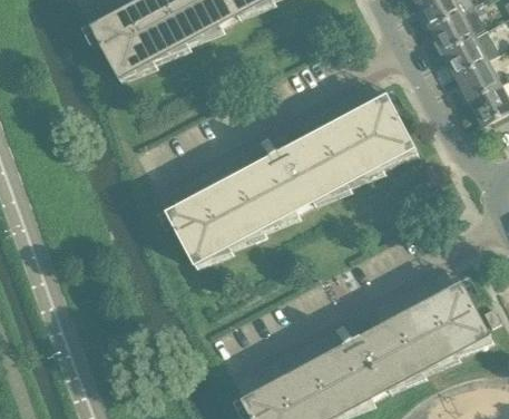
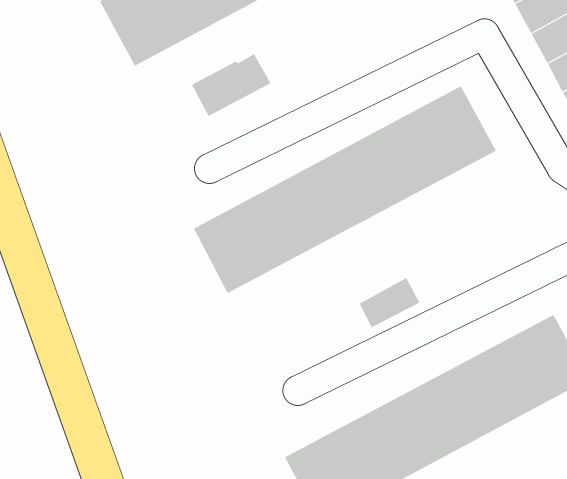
building: none -> [191,53,271,117]
building: none -> [359,277,420,328]

